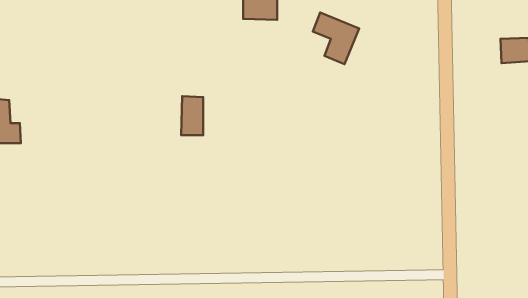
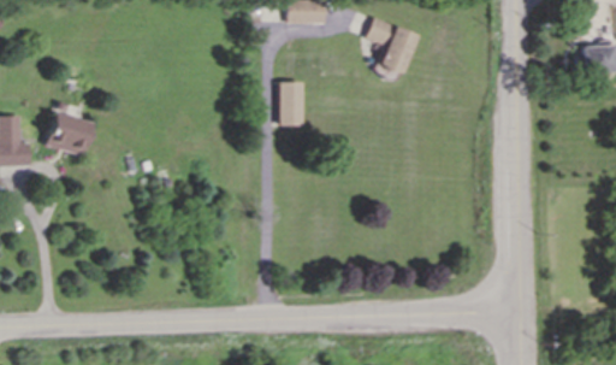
building: none -> [46,100,90,154]
building: [181,96,203,135] -> [278,81,303,125]

